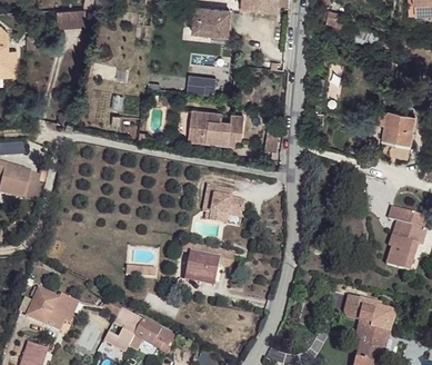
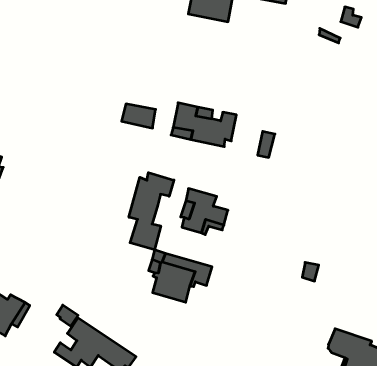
building: [187,76,215,95] -> [122,104,156,128]
building: none -> [129,173,174,250]

